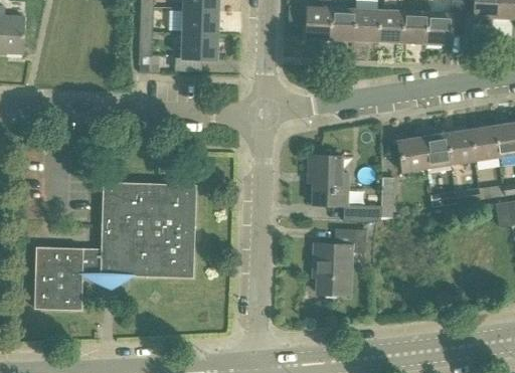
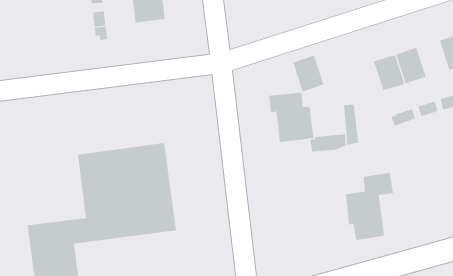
building: [469,126,498,161] -> none
building: [397,136,426,172] -> [292,55,324,92]
building: [312,229,364,294] -> [345,172,394,240]

